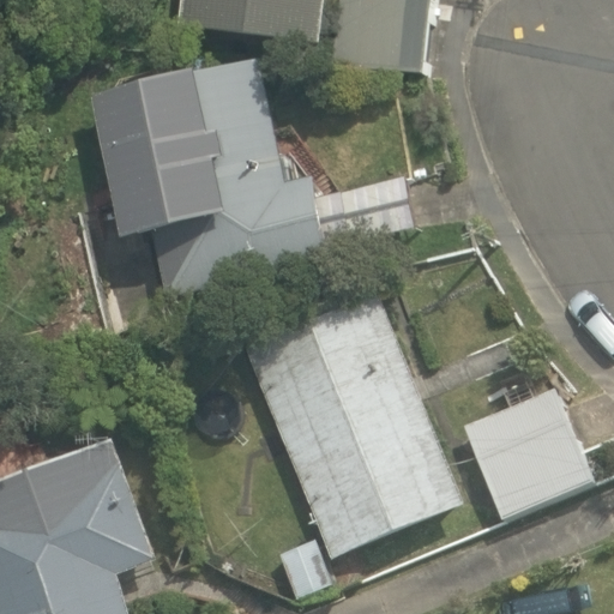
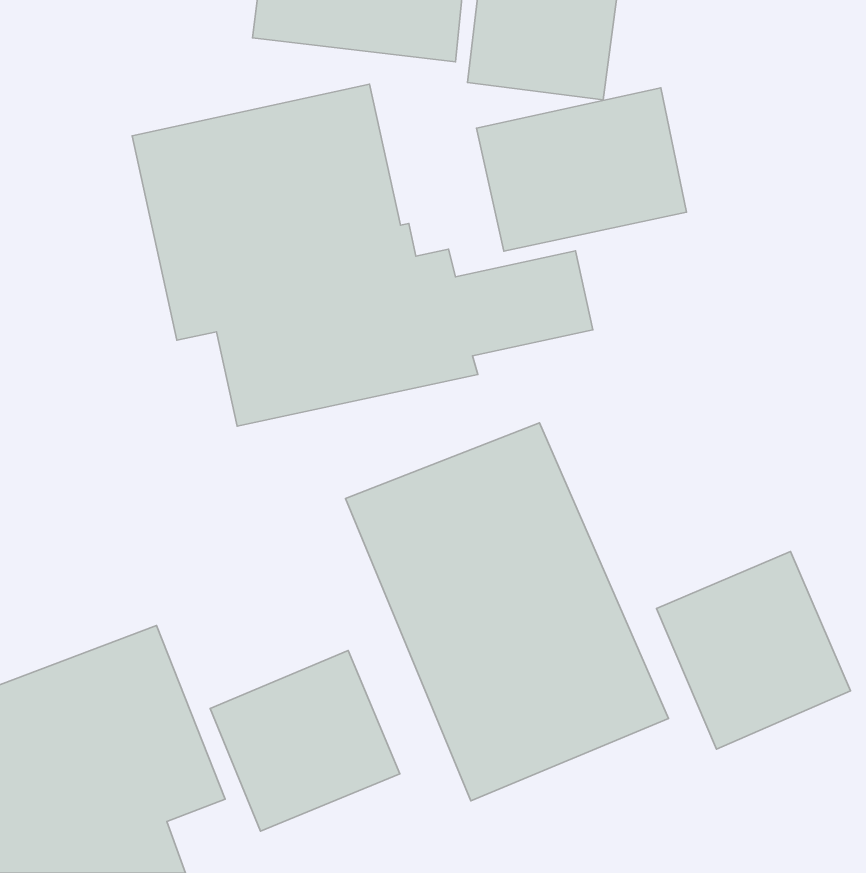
building: none -> [476,88,687,251]
building: none -> [210,651,400,831]

